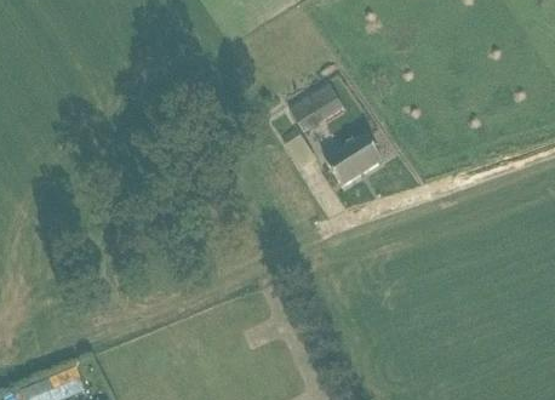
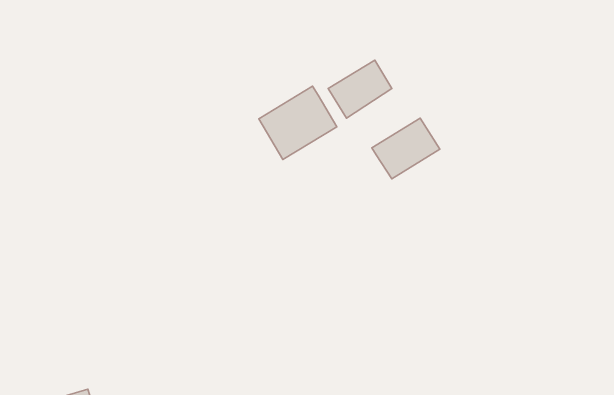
building: none -> [259,86,337,160]

